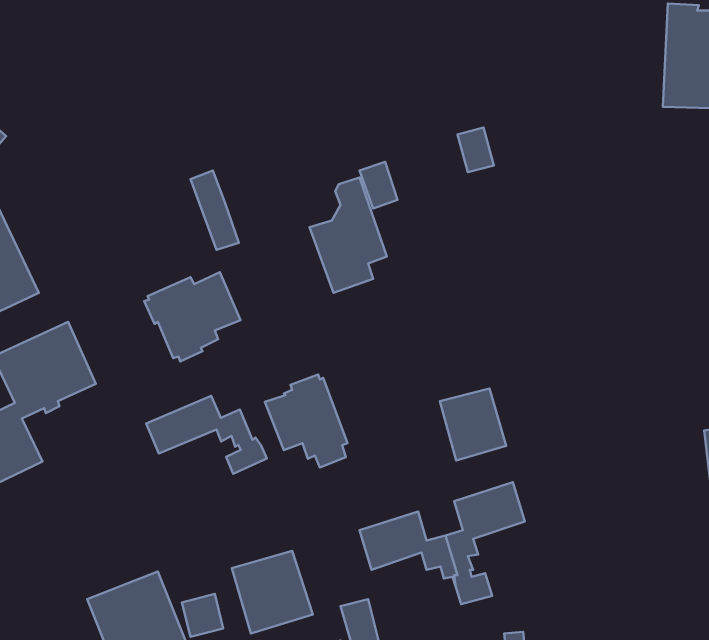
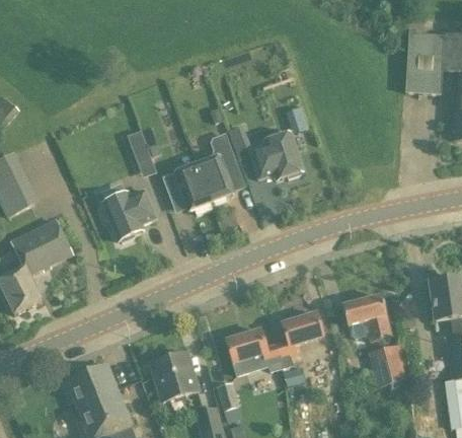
building: none -> [250,132,304,178]
building: [265,374,347,467] -> [163,160,212,215]
building: [440,388,506,461] -> none
building: [146,396,267,474] -> none
building: none -> [341,295,392,341]
building: none -> [368,343,405,386]

